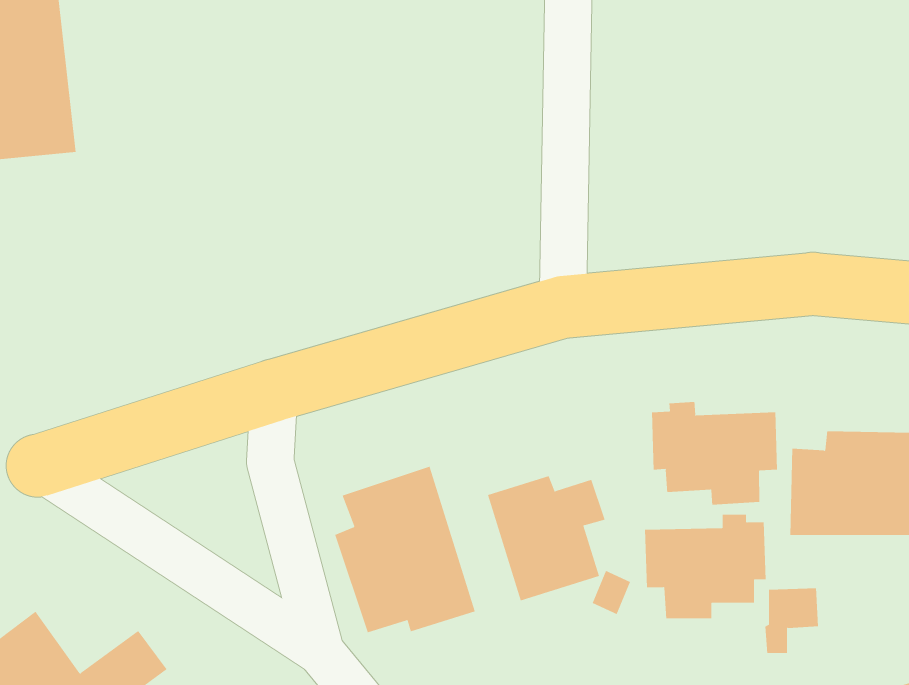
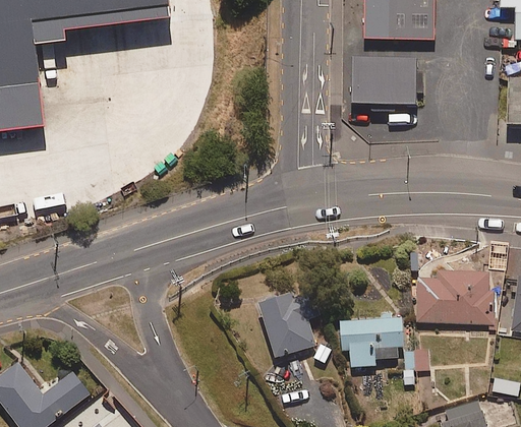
building: none -> [361,59,421,105]
building: [651,401,778,506] -> none
building: [335,466,476,633] -> none

